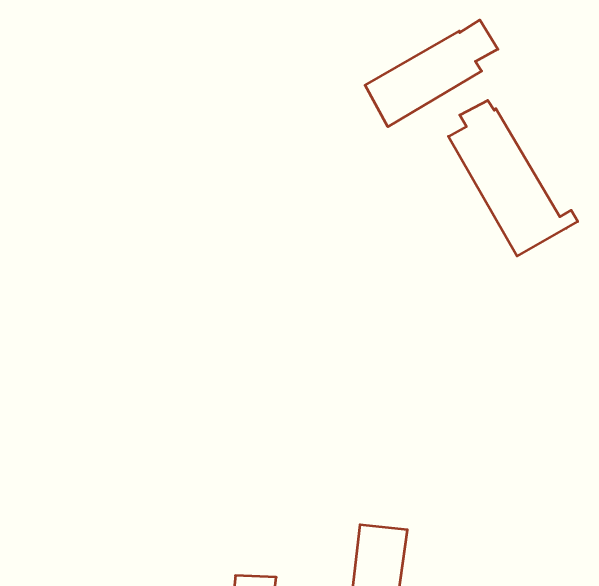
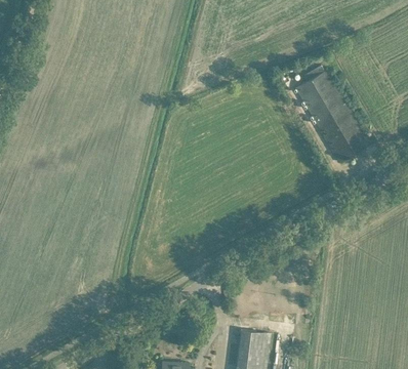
building: [365,20,498,127] -> none

